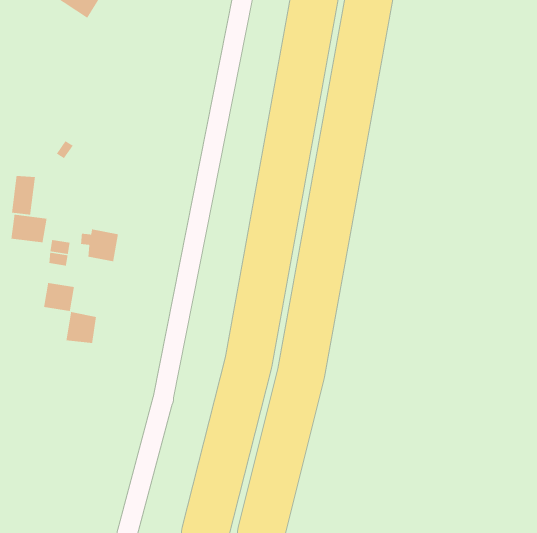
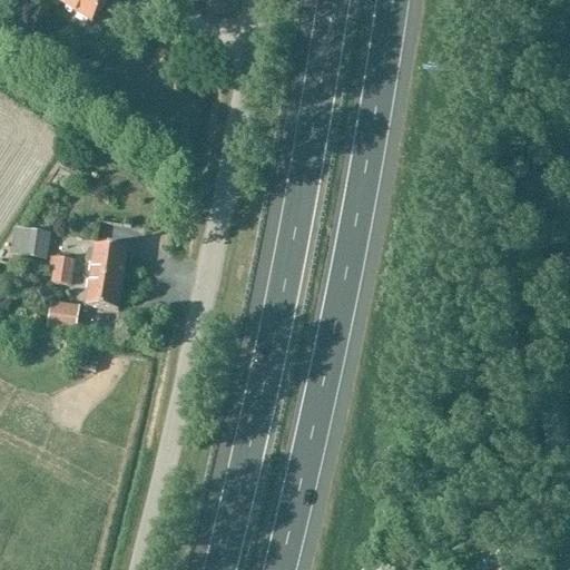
building: [11,175,36,216] -> none
building: [65,311,97,344] -> [87,272,120,306]

